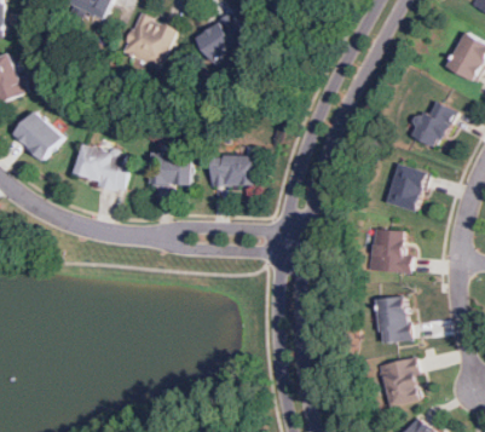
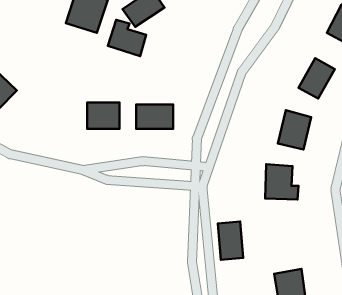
building: none -> [108,20,146,56]
building: [71,142,129,191] -> none
building: [376,296,408,344] -> [218,222,243,260]

